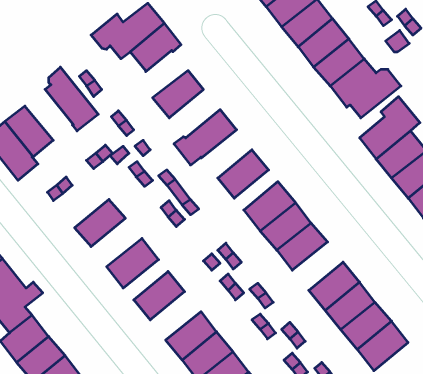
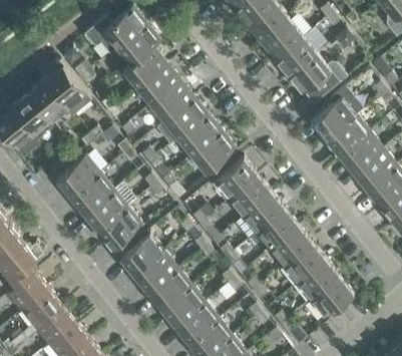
building: none -> [122,47,166,87]
building: none -> [28,80,69,123]
building: none -> [150,80,193,121]
building: none -> [177,114,221,155]
building: none -> [56,155,99,198]
building: none -> [84,190,127,231]
building: none -> [255,210,298,251]
building: none -> [134,252,177,293]

